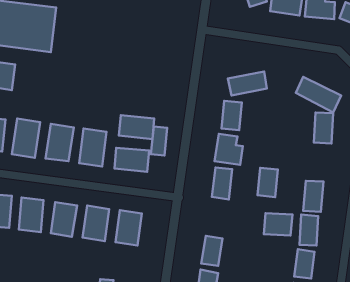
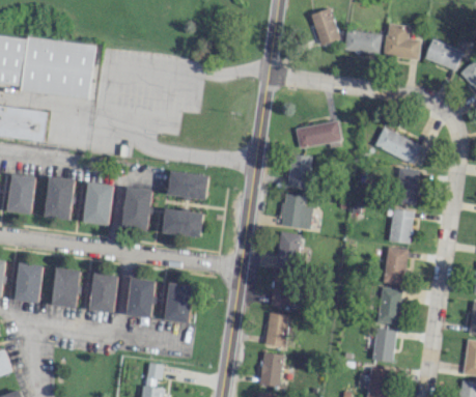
building: [151,127,167,156] -> none
building: [258,168,278,197] -> [390,209,414,244]
building: none -> [272,273,295,307]
building: [264,213,292,236] -> none

